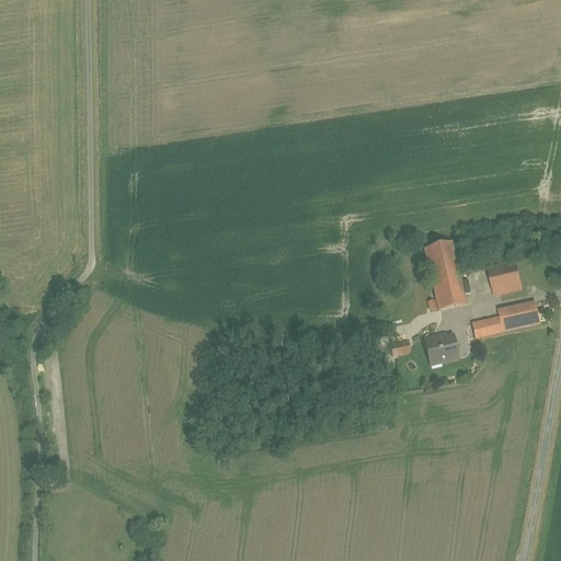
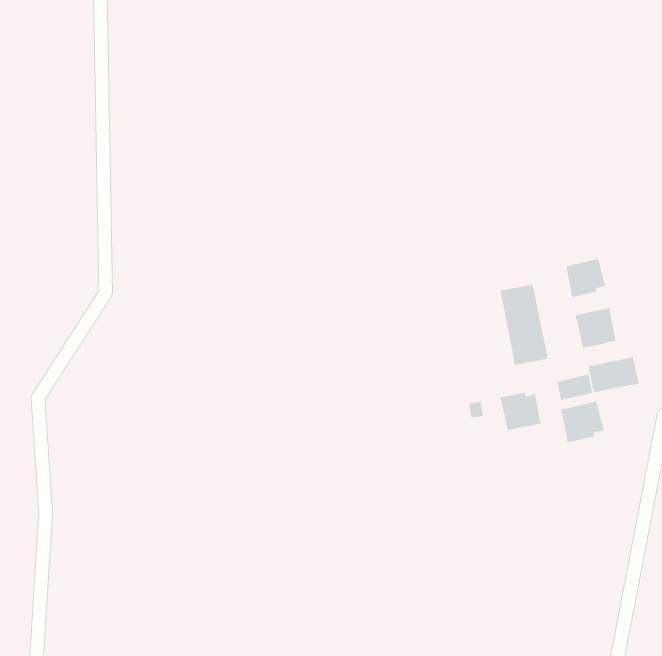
building: none -> [566,258,606,298]
building: none -> [561,401,605,443]

